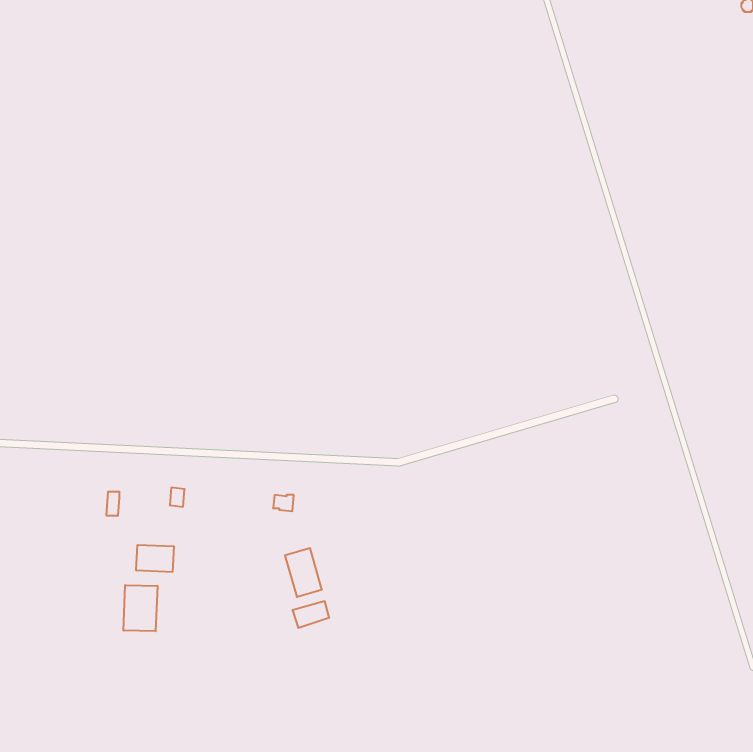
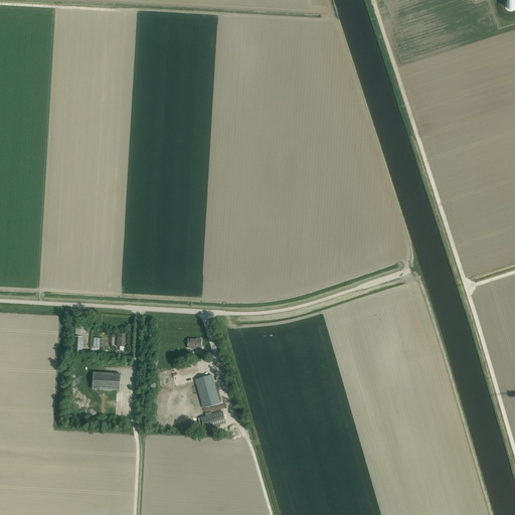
building: [123,585,157,631] -> none

